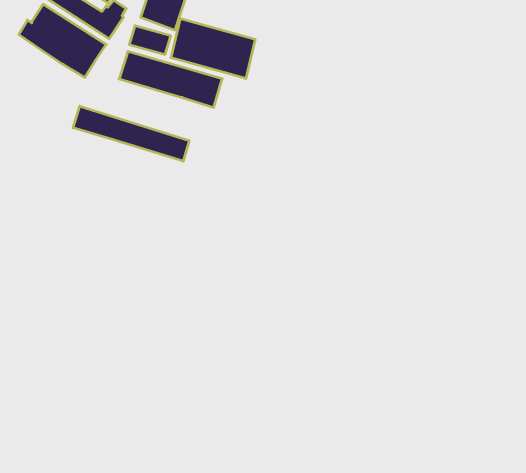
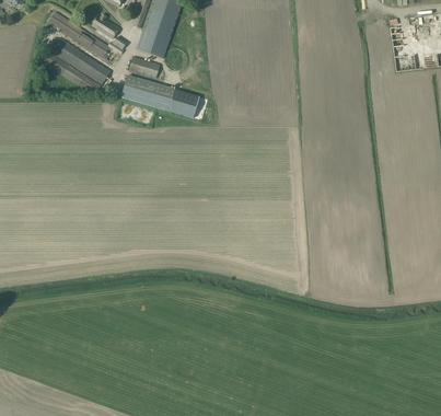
building: [171,18,255,79] -> none
building: [73,106,189,161] -> none

